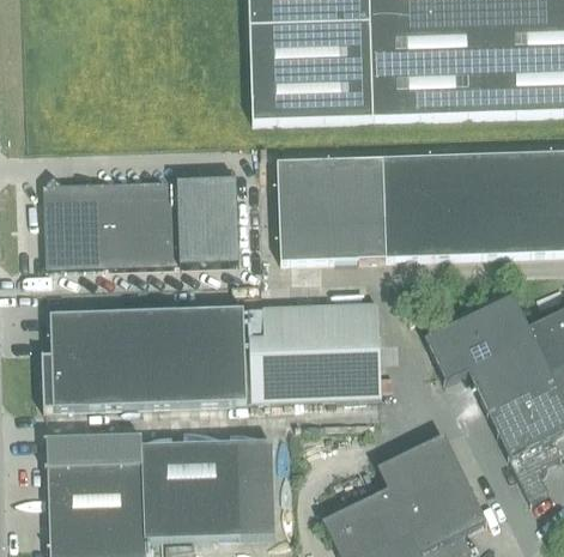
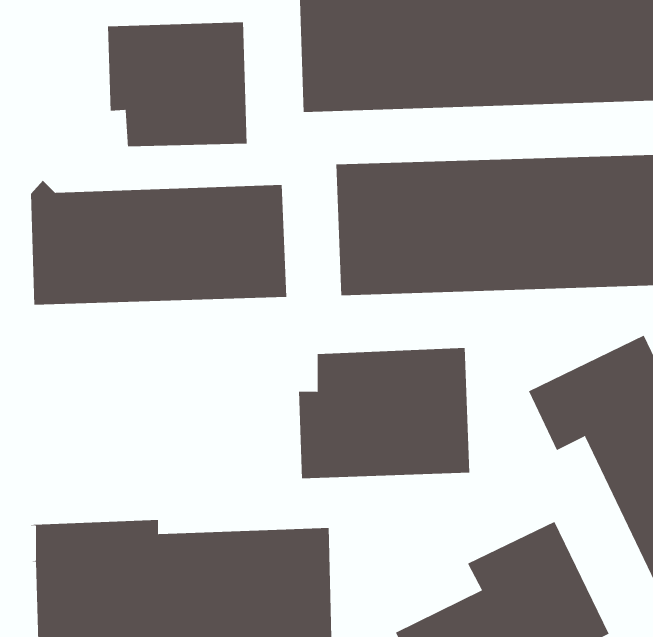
building: none -> [107,22,247,147]
building: [42,308,248,408] -> none

